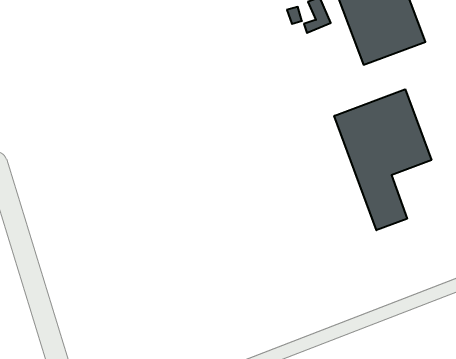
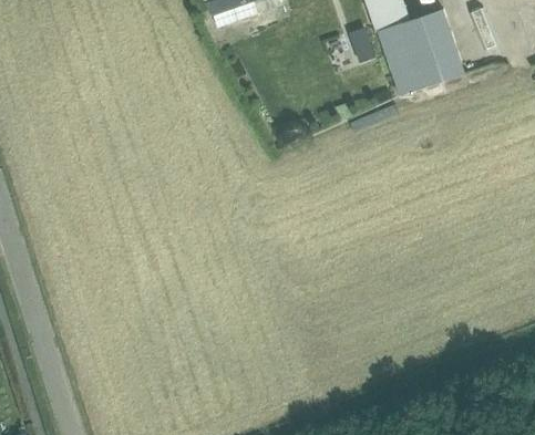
building: [334,89,431,230] -> none

